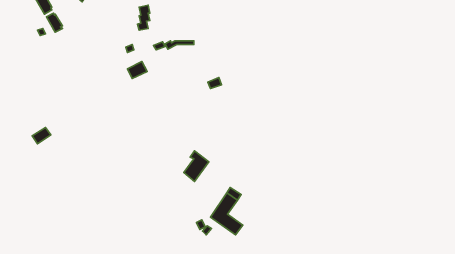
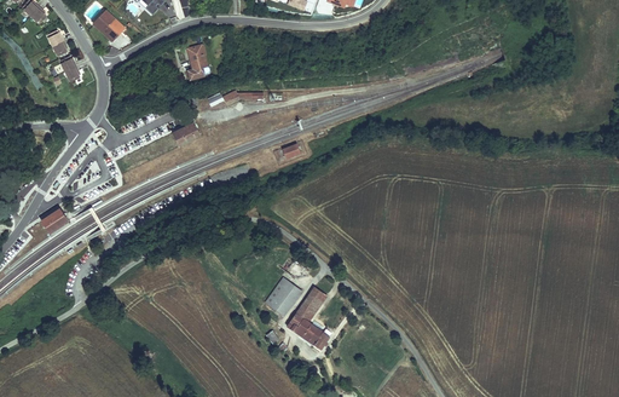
building: [184,151,209,181] -> [267,281,301,322]

